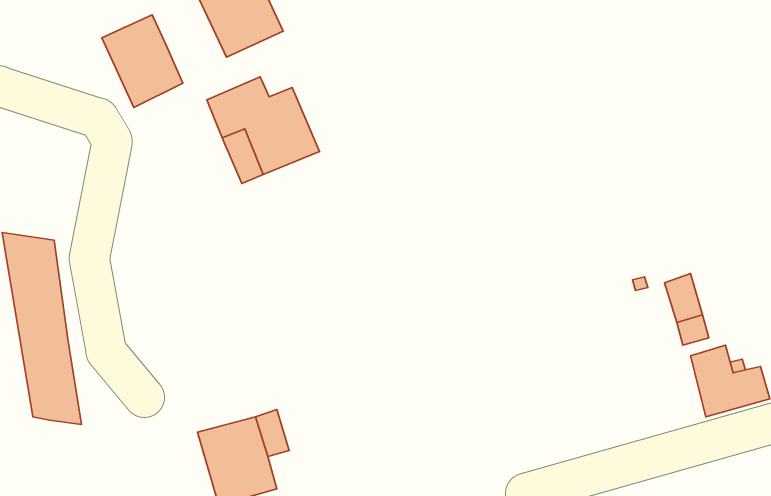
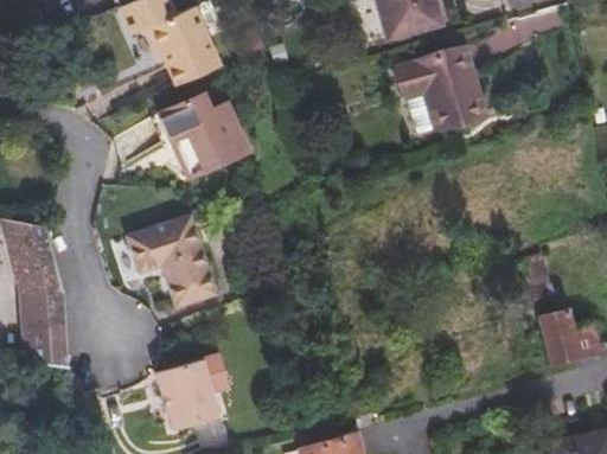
building: none -> [400,49,484,124]
building: [102,15,183,107] -> none
building: none -> [123,209,196,295]

